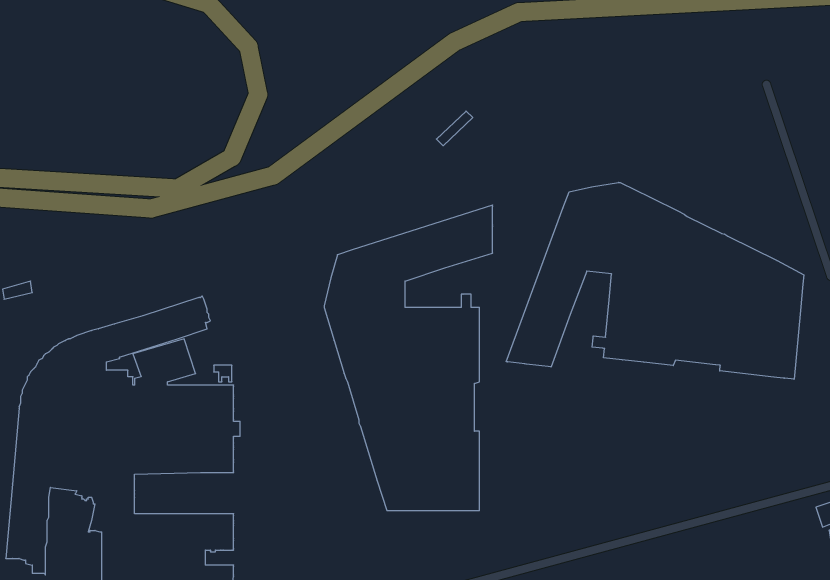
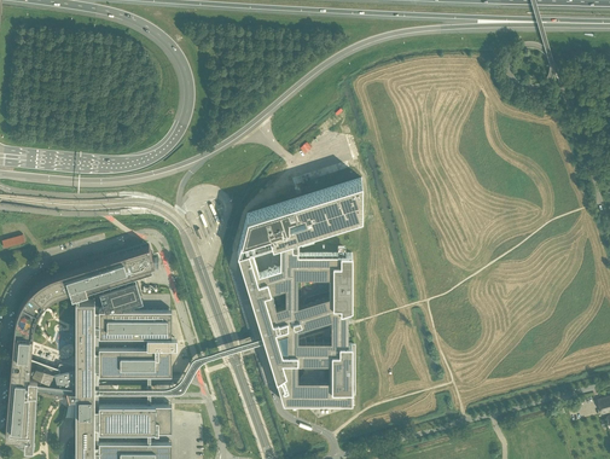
building: [506,182,804,379] -> none

